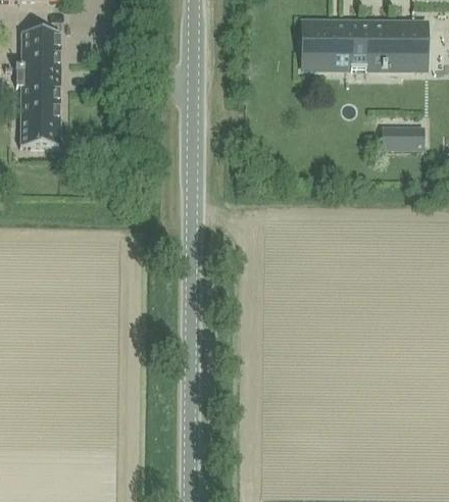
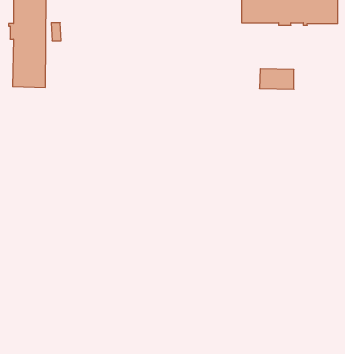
building: [381,123,423,149] -> [259,69,294,89]

